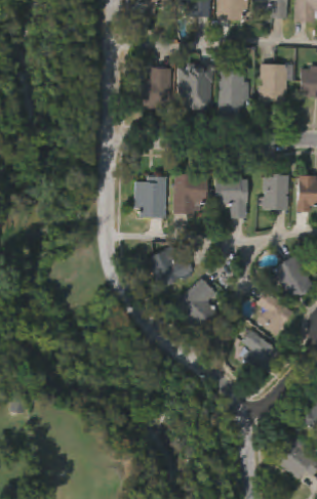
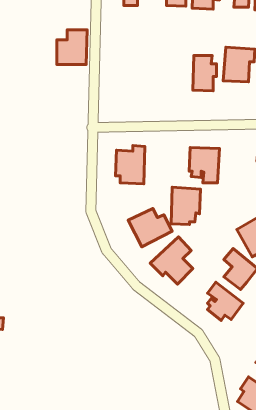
building: [182,63,219,109] -> none
building: [143,67,176,106] -> [57,30,87,64]
building: [179,171,211,213] -> [171,187,200,225]
building: [260,172,288,208] -> none

